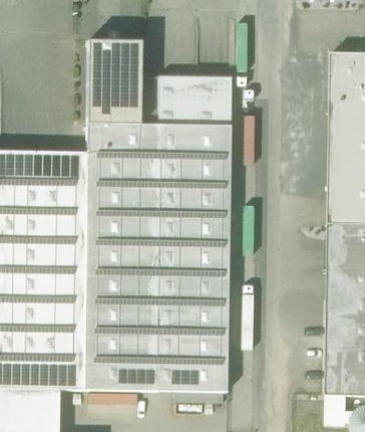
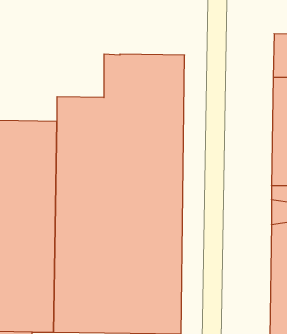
building: [86,40,140,125] -> none

